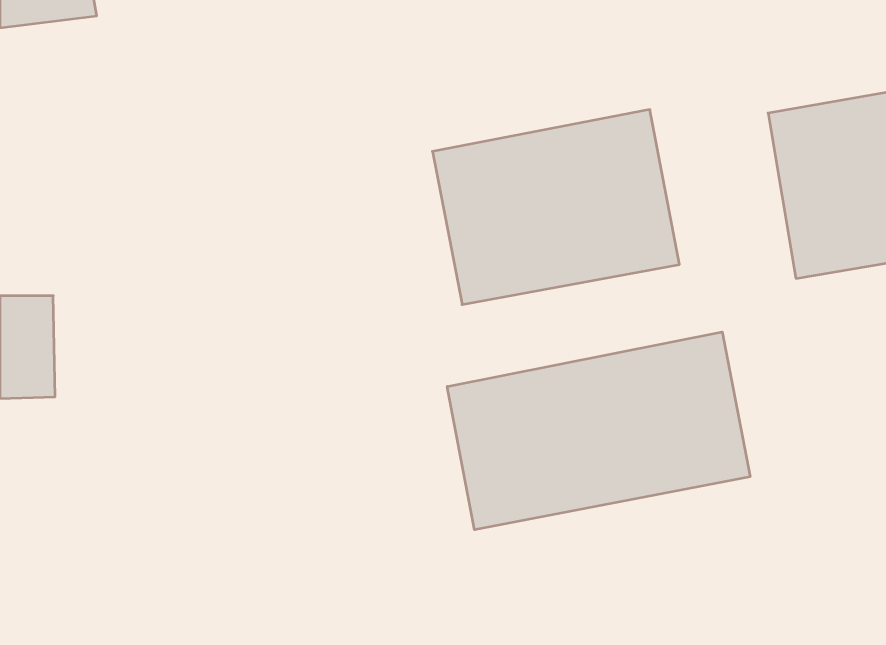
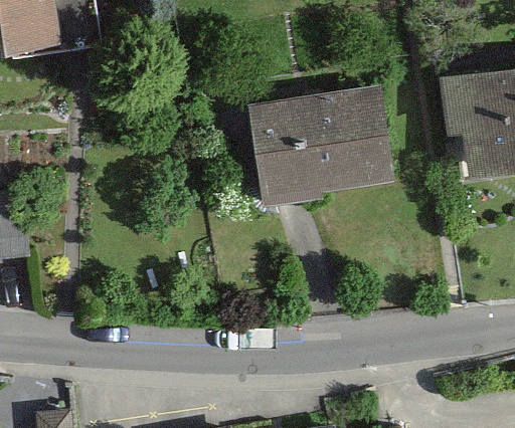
building: [447,332,750,530] -> none

